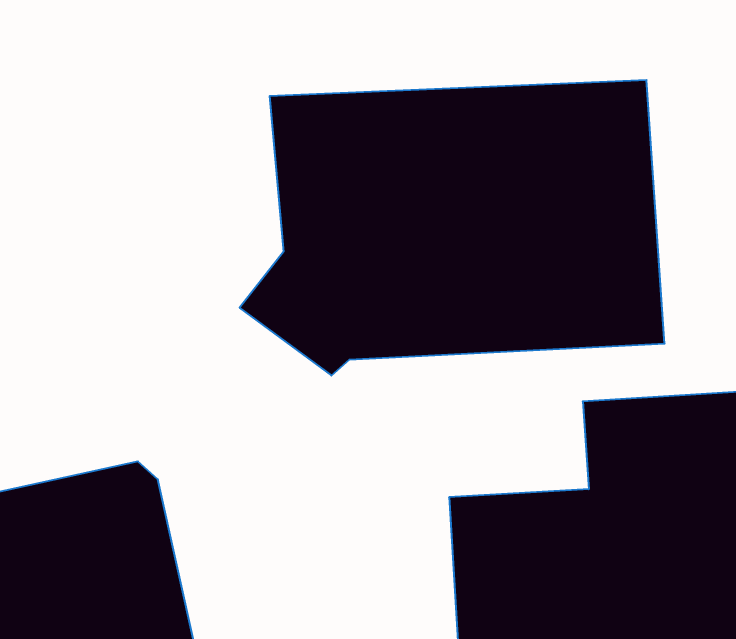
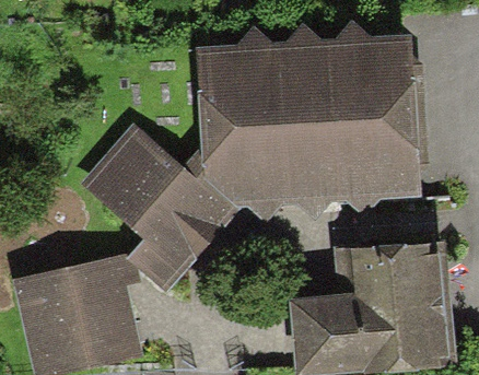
building: none -> [75,133,226,291]

